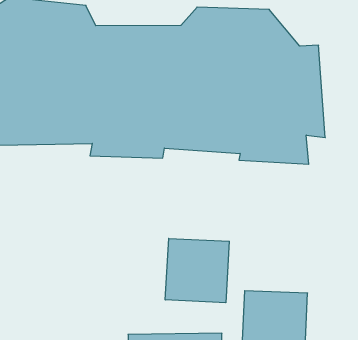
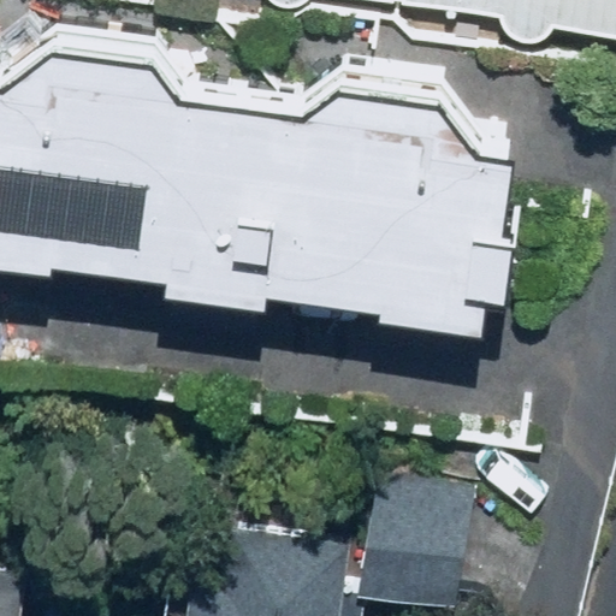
building: [165,238,229,303] -> none

